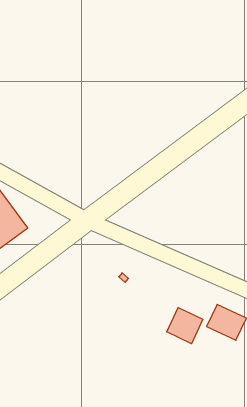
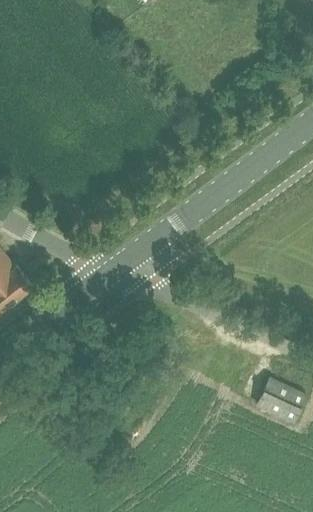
building: [167,308,203,344] -> none

